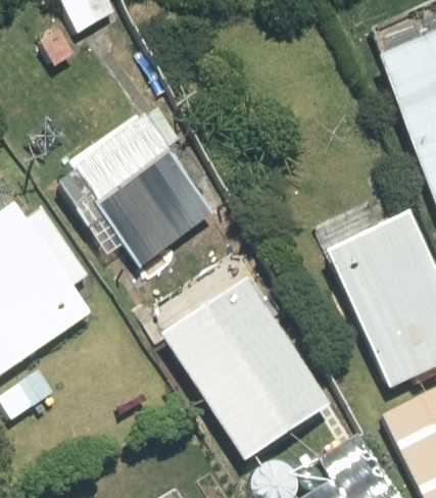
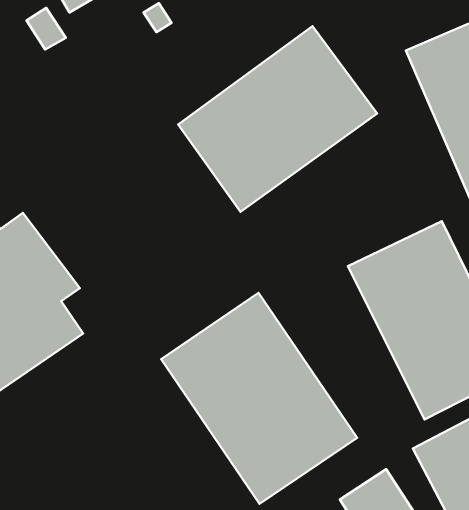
building: none -> [178,26,377,212]
building: [59,107,215,265] -> none

